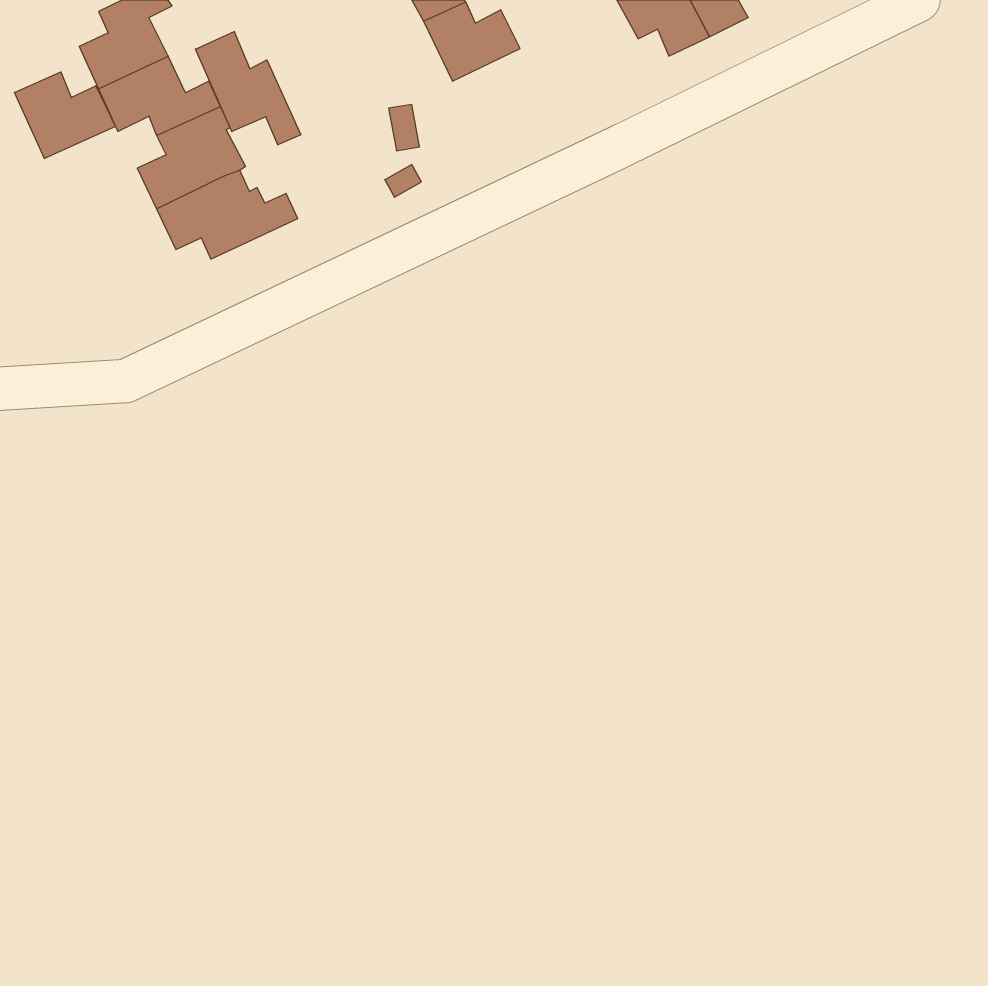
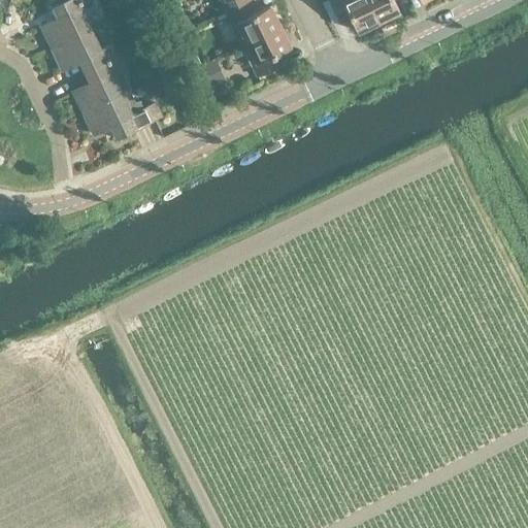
building: [195,31,301,145] -> none
building: none -> [241,27,288,77]
building: [15,72,116,159] -> none

